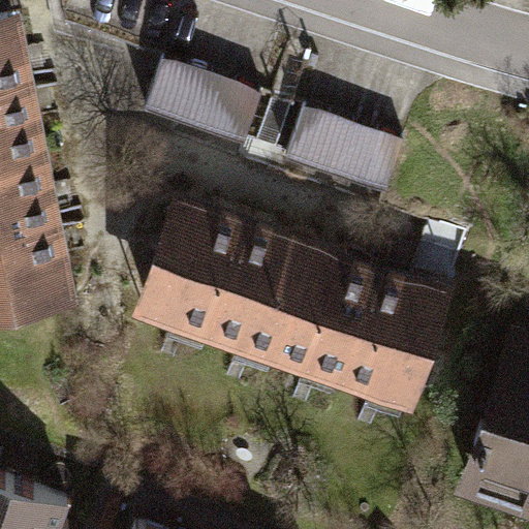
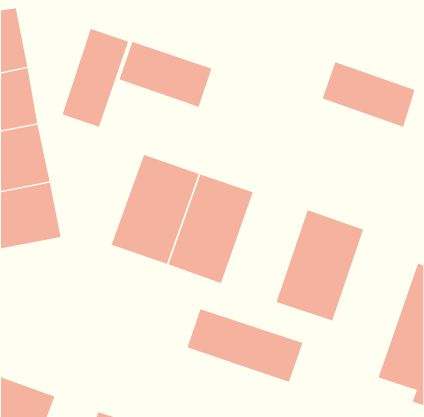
building: none -> [61,28,129,128]
building: [288,108,405,191] -> [322,61,415,128]
building: [276,248,382,385] -> none
building: none -> [187,308,303,383]

